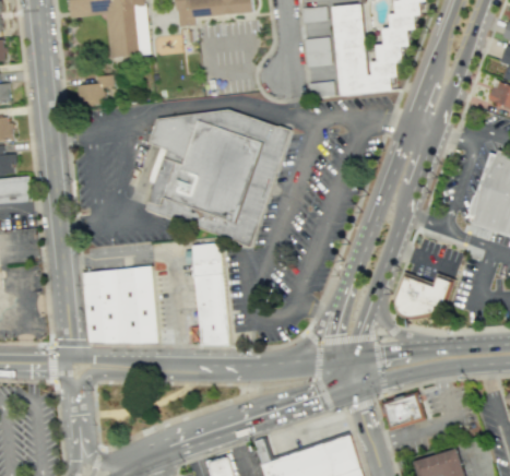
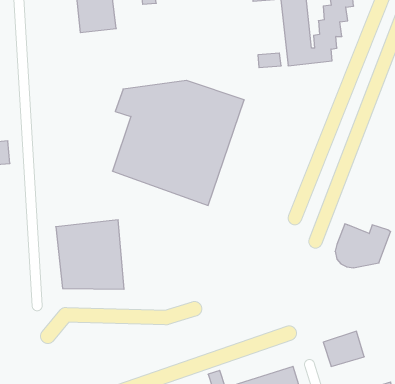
building: [304,36,331,66] -> none
building: [76,73,115,105] -> none
building: [191,243,222,264] -> none
building: [194,273,229,345] -> none

